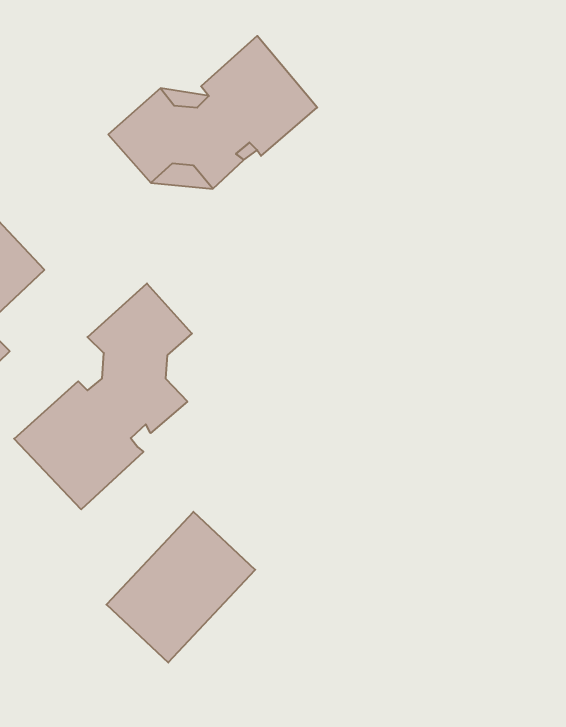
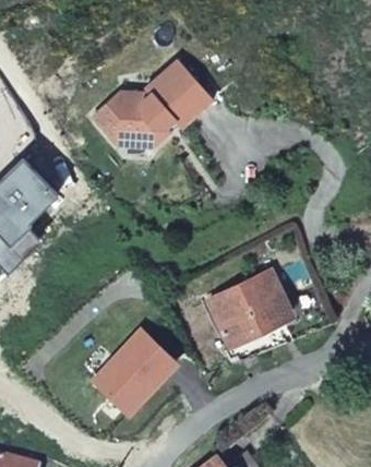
building: [14,283,192,509] -> none
building: none -> [208,271,288,342]

